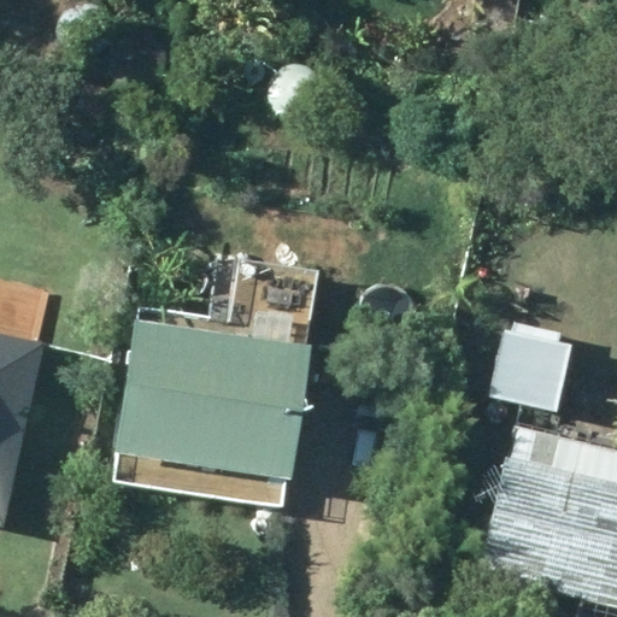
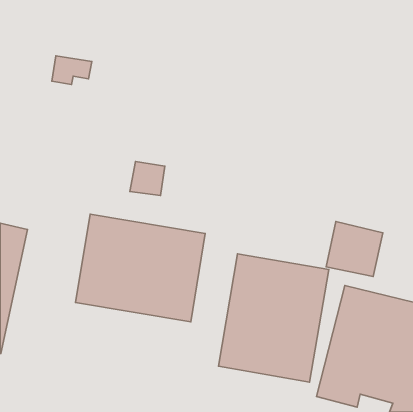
building: none -> [218,254,329,382]

